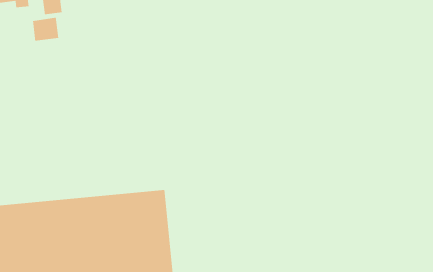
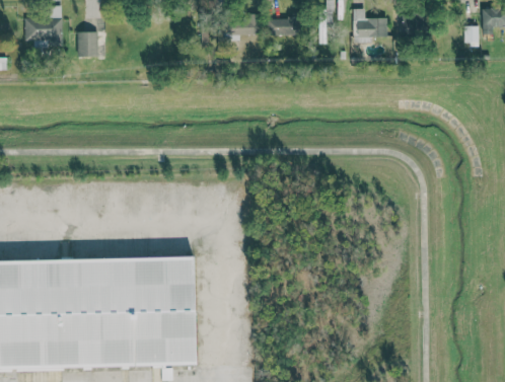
building: [32,17,59,41] -> none

